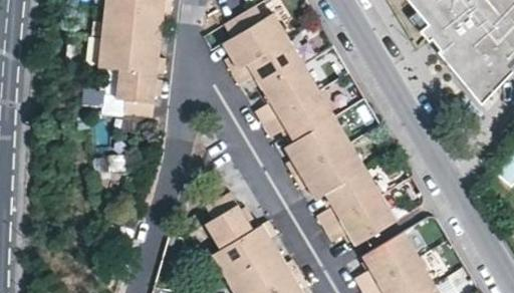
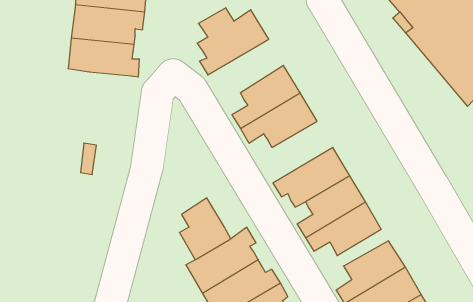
building: [231,38,303,89] -> none
building: [101,69,158,117] -> none
building: [283,116,350,176] -> none

